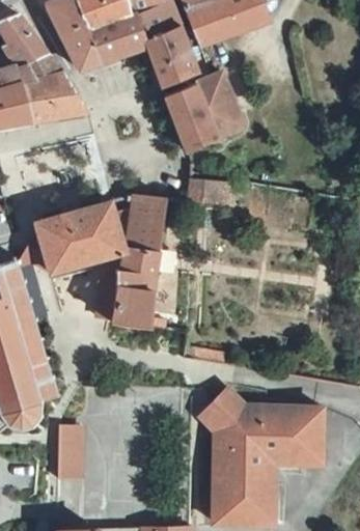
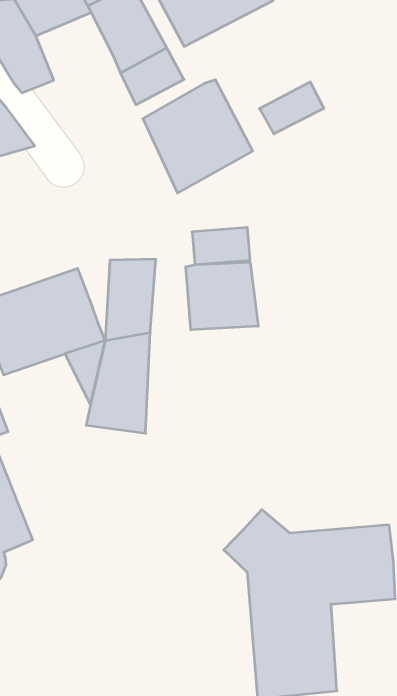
building: [93,17,148,63] -> none
building: none -> [259,82,324,134]
building: none -> [186,262,258,330]
building: [63,429,87,479] -> none

